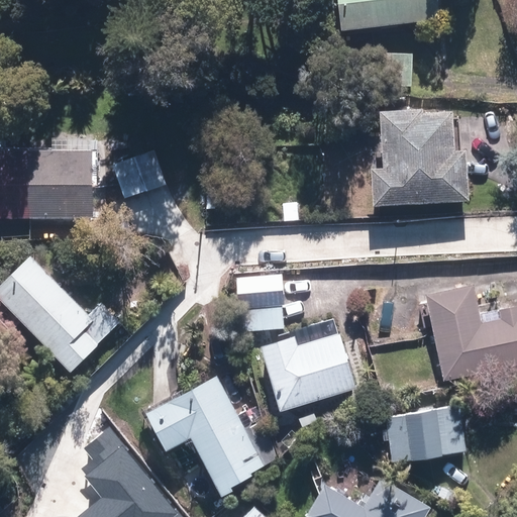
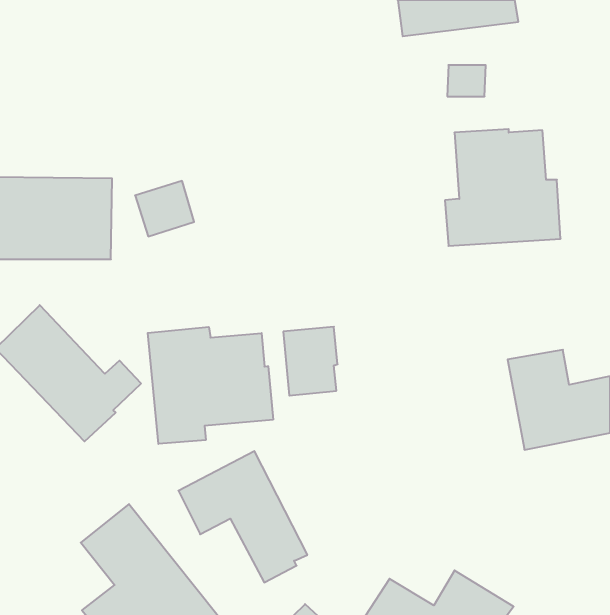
building: none -> [148,327,273,444]
building: [262,320,354,410] -> none
building: [386,407,463,461] -> none

